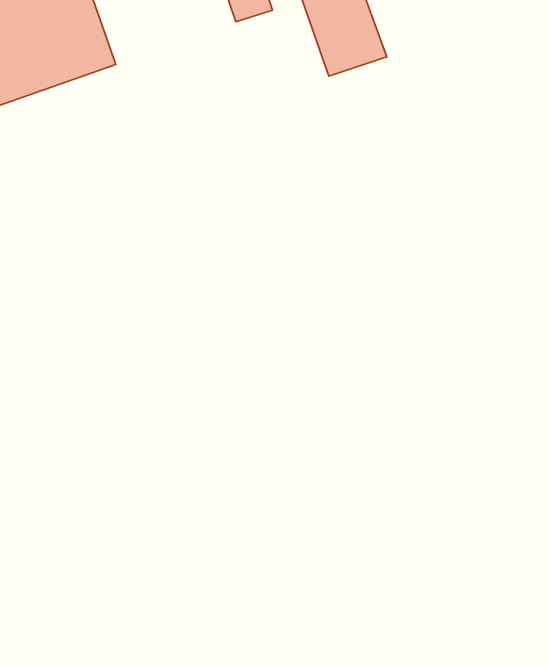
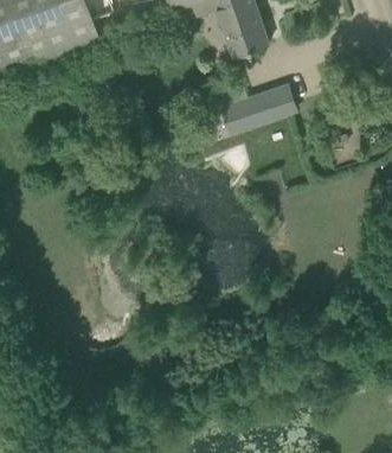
building: none -> [214,77,295,132]

